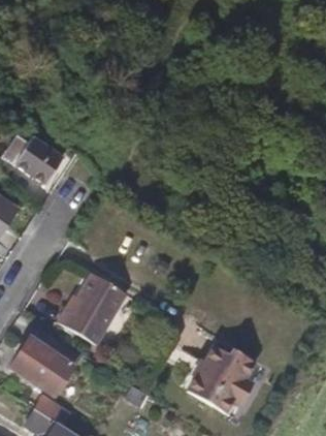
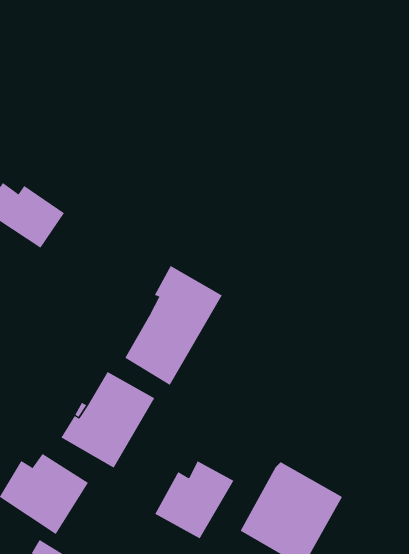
building: none -> [124,265,222,386]
building: none -> [155,461,234,539]

